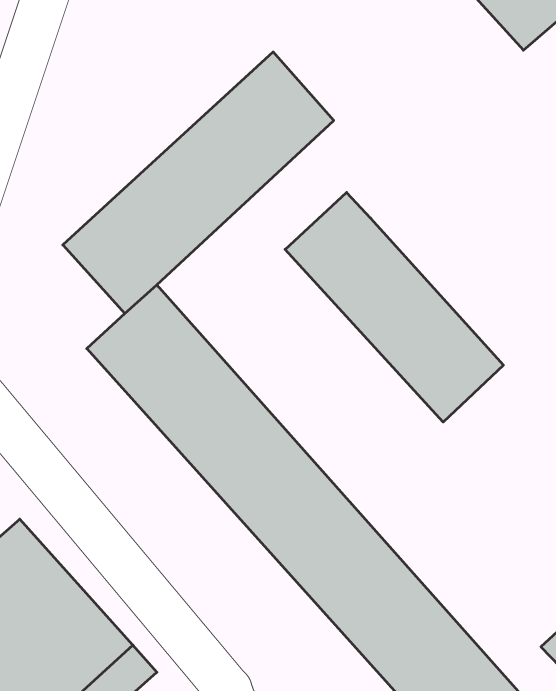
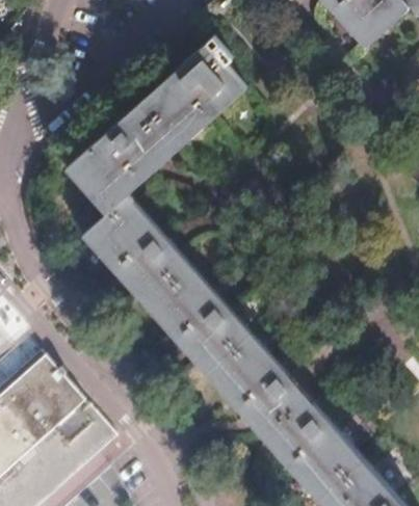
building: [285,192,503,422] -> none

